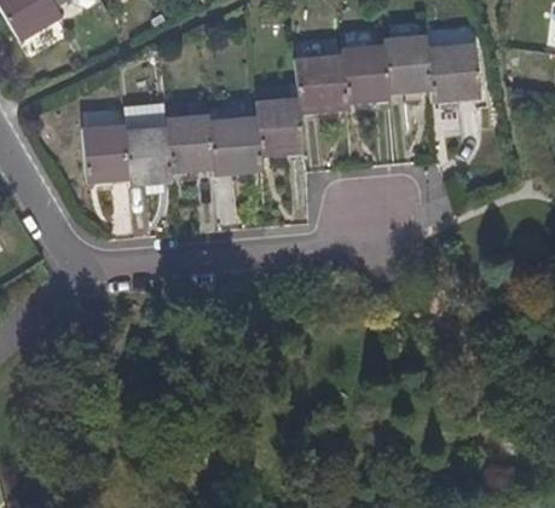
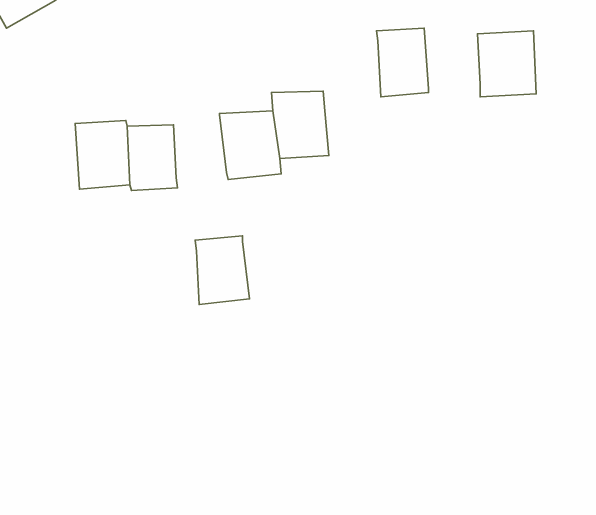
building: [385,37,433,96] -> none
building: [295,54,347,115] -> none
building: [167,114,214,173] -> [195,236,250,304]

